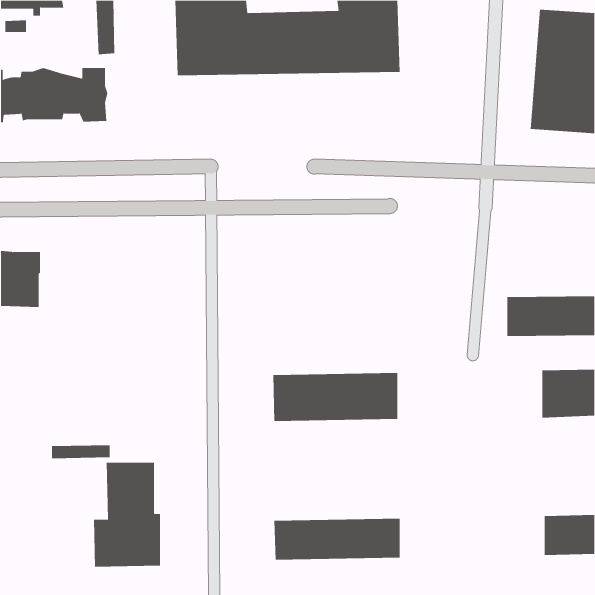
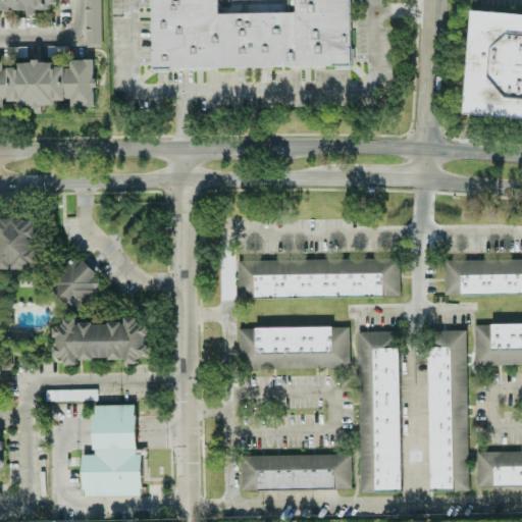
building: none -> [49,257,99,312]
building: none -> [237,258,399,299]
building: none -> [54,317,148,365]
building: none -> [427,330,468,491]
building: none -> [357,331,402,492]

